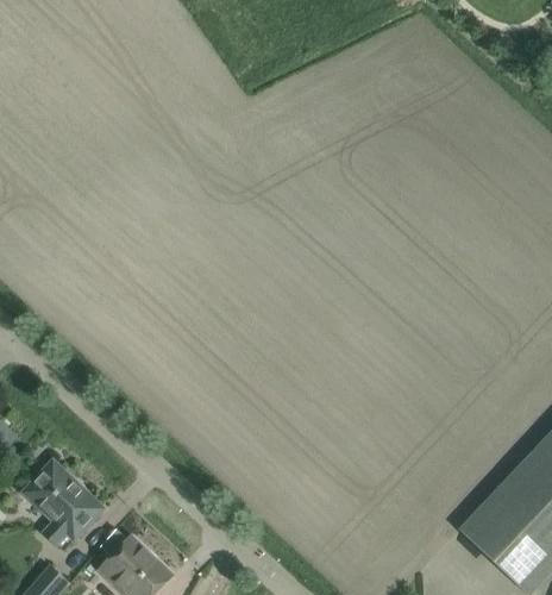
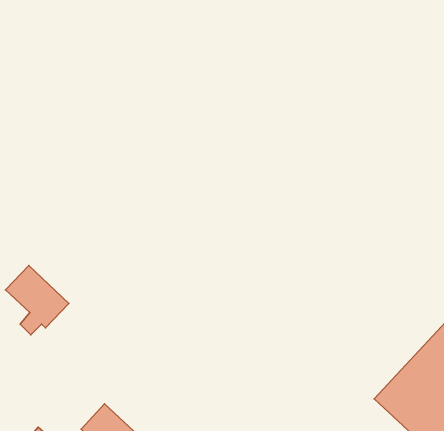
building: [24,462,101,546] -> [5,266,69,335]

